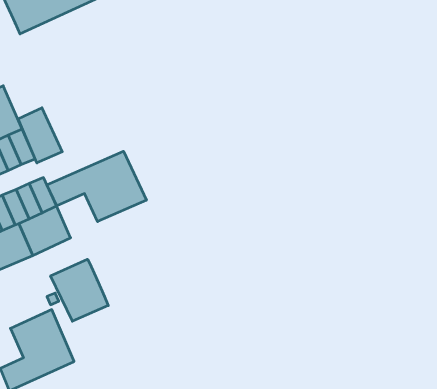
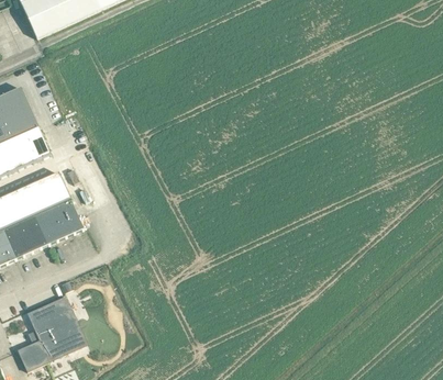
building: [18,108,62,163] -> none
building: [47,151,146,222] -> none
building: [51,259,108,321] -> none

